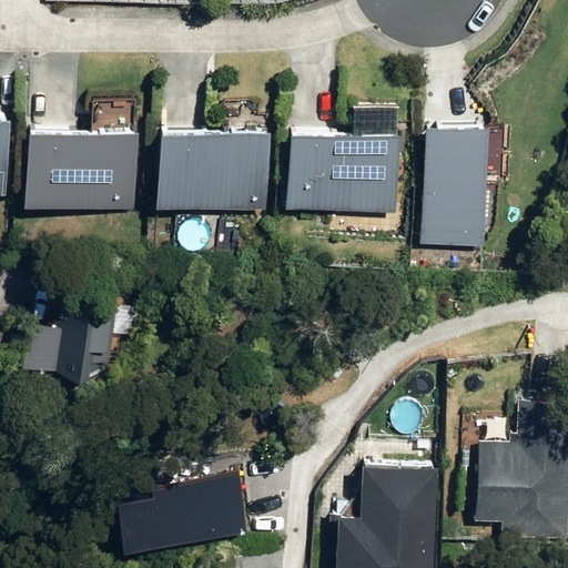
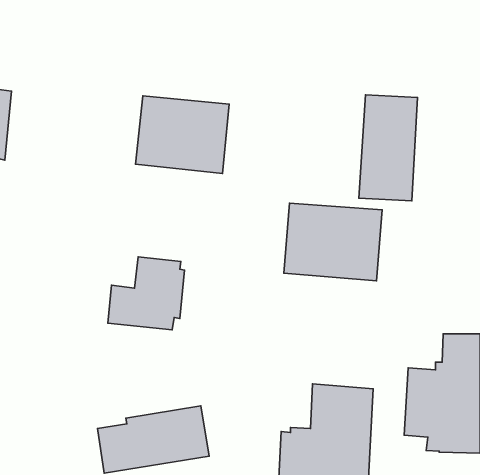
building: [27,122,140,213] -> none
building: [287,125,403,216] -> [284,203,382,281]
building: [17,297,106,383] -> [108,257,185,330]

